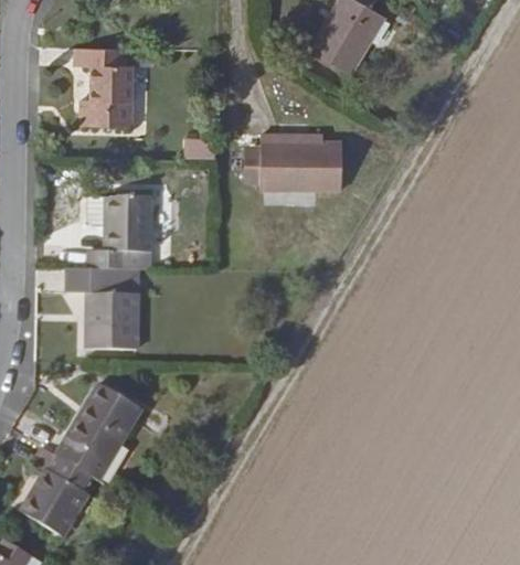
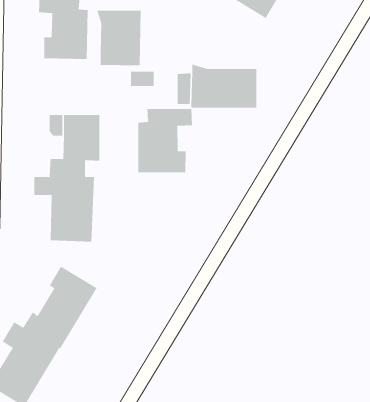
building: none -> [96,10,141,66]
building: none -> [138,108,192,173]

